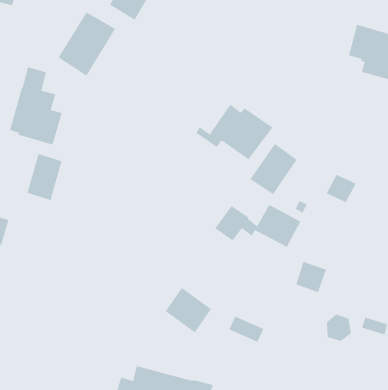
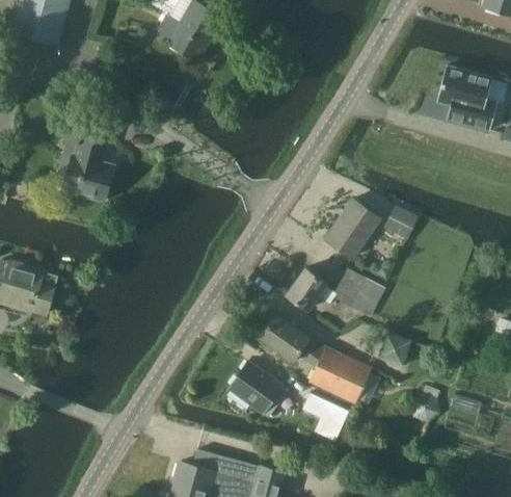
building: [58,11,116,76] -> none
building: [195,104,273,160] -> none
building: [27,153,62,201] -> none
building: [326,174,356,203] -> [384,207,419,239]
building: none -> [260,315,371,404]

